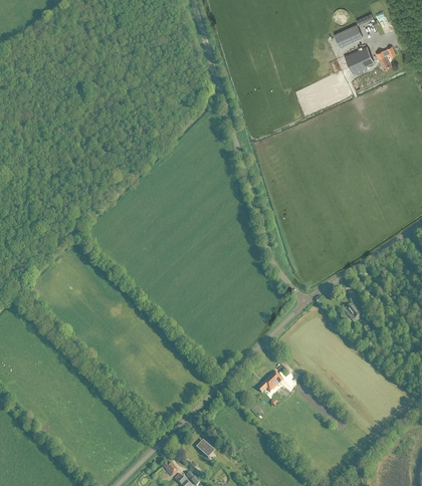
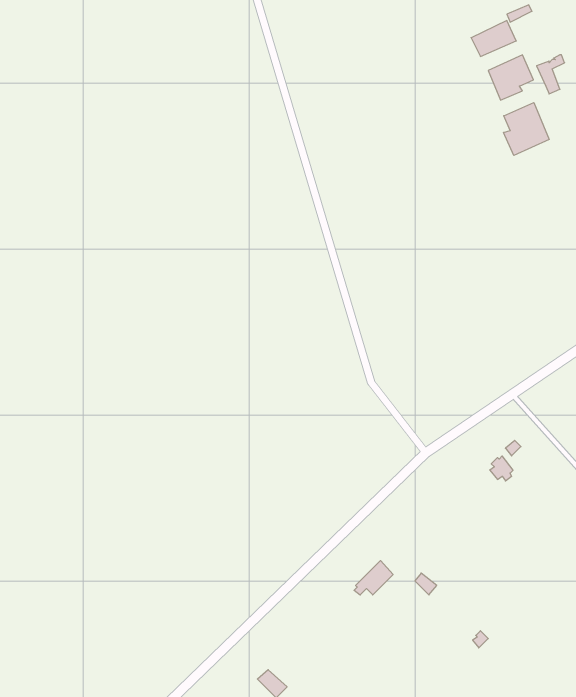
building: none -> [504,103,549,155]

